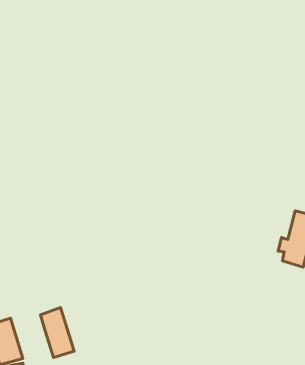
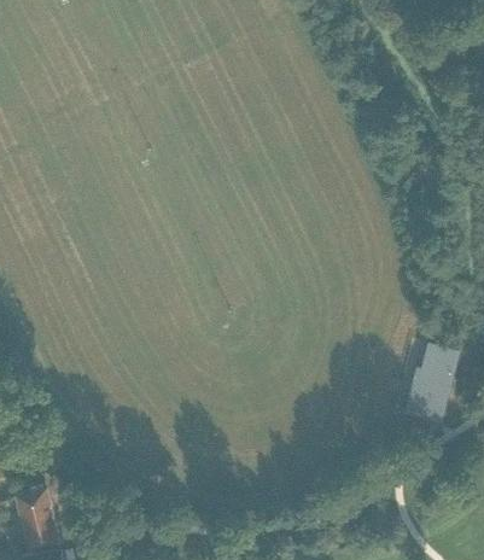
building: [40,307,74,358] -> none

